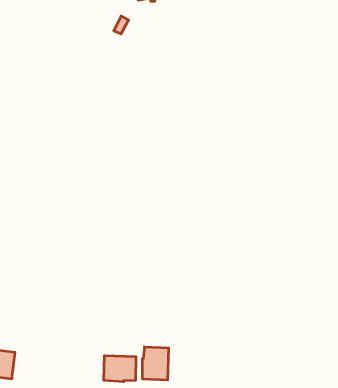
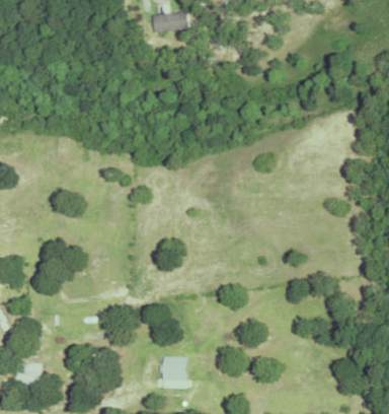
building: [104,356,136,382] -> none

